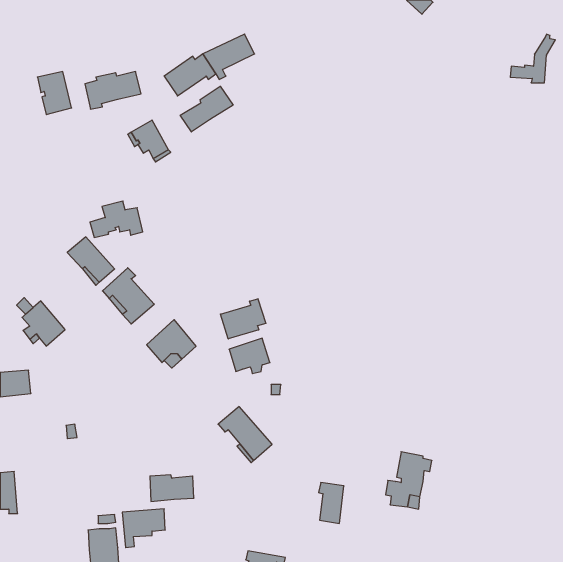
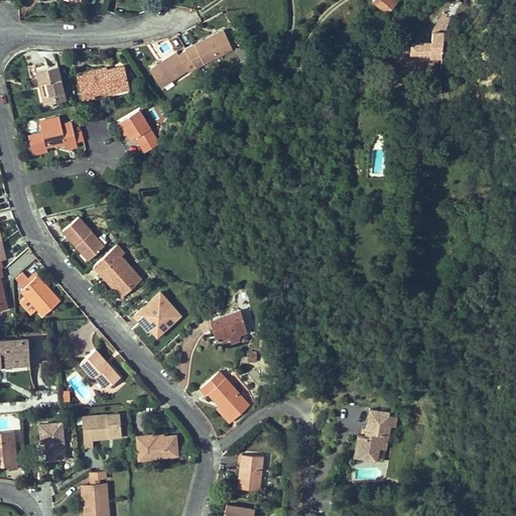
building: [510,34,555,83] -> [410,14,452,58]
building: [180,86,233,132] -> none
building: [90,201,143,237] -> [28,118,77,151]
building: [220,299,266,339] -> none
building: none -> [79,350,118,390]
building: none -> [38,423,64,462]
building: [319,483,344,523] -> [240,455,263,492]
building: [122,509,165,548] -> [82,414,121,449]

